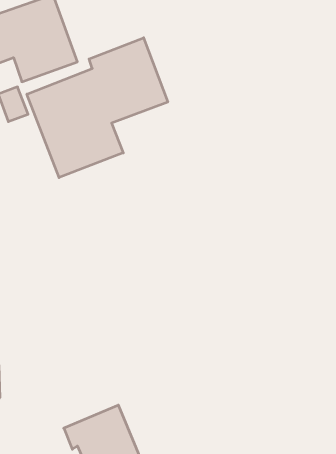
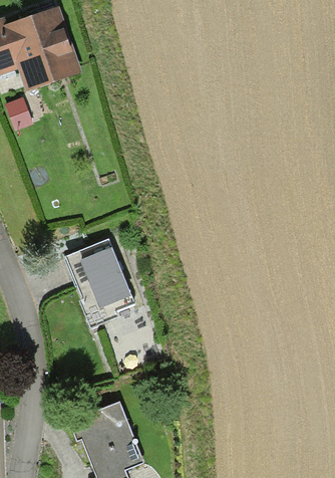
building: [27,38,168,178] -> none
building: none -> [63,237,133,325]

